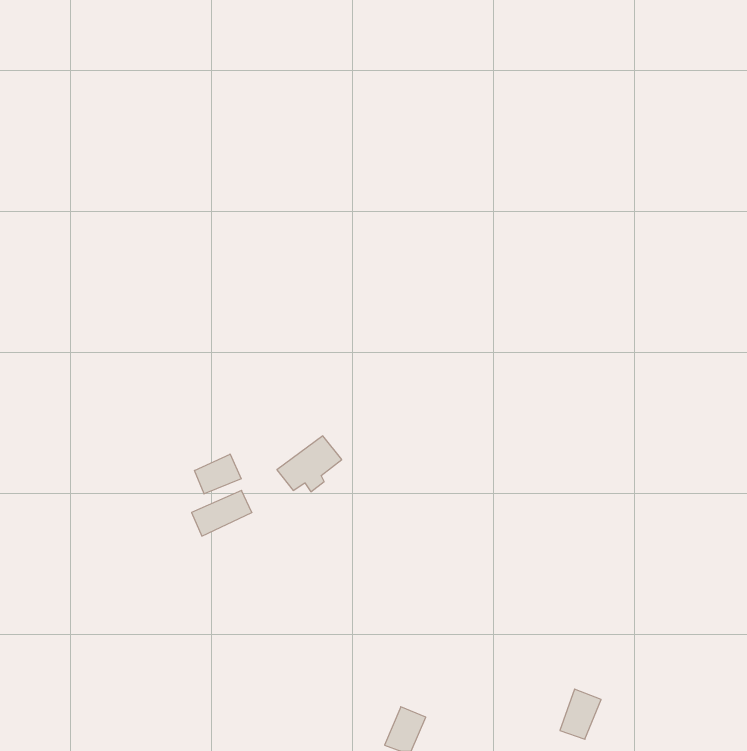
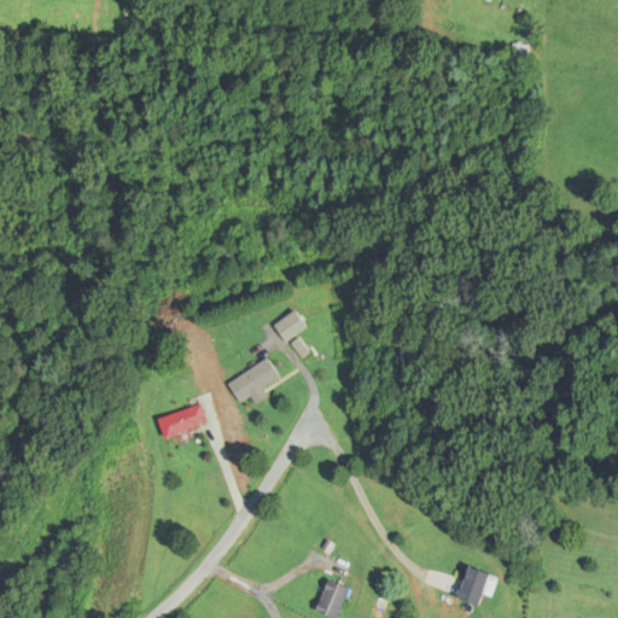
building: none -> [273,309,305,340]
building: [195,454,241,494] -> none

